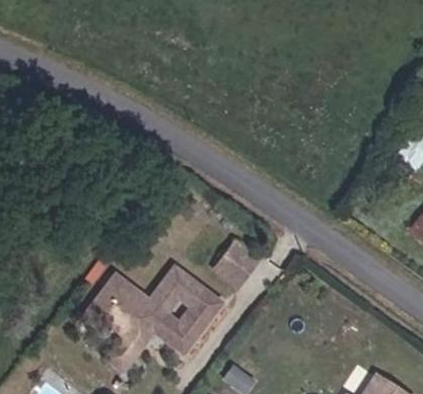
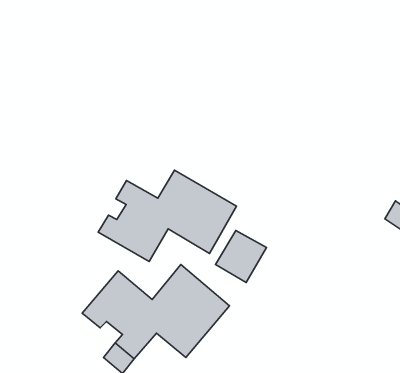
building: none -> [98,170,237,262]

